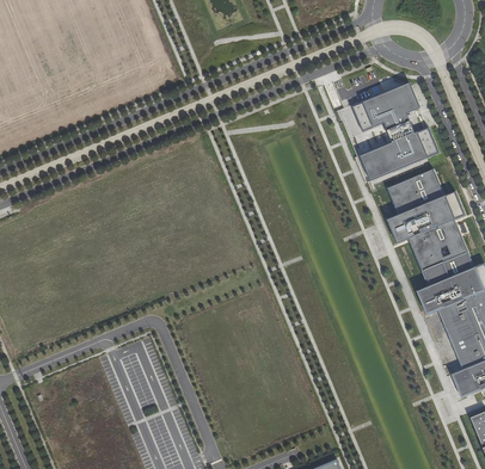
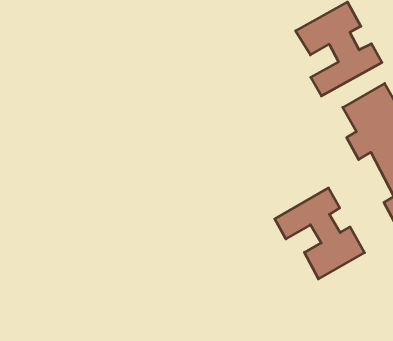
building: none -> [275,188,365,279]

